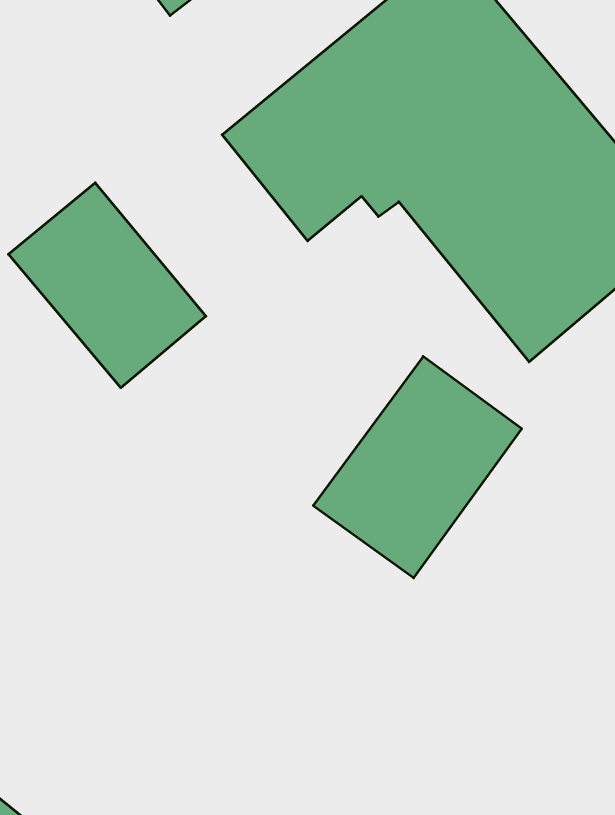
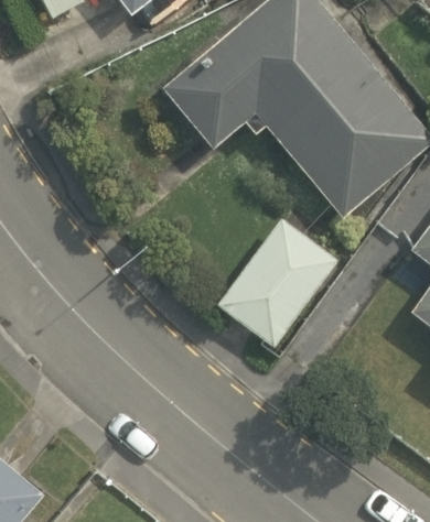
building: [8,183,206,388] -> none

